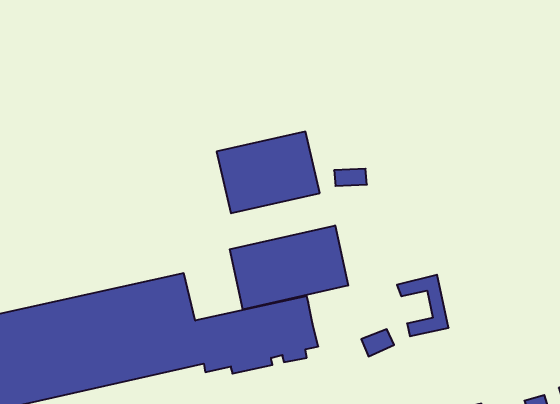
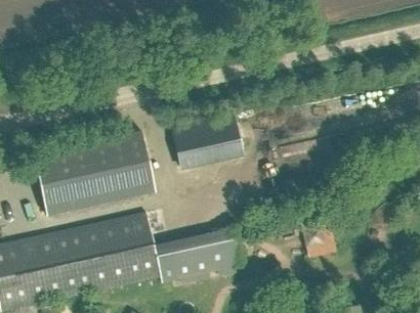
building: none -> [33,131,155,216]
building: [230,225,348,309] -> none

